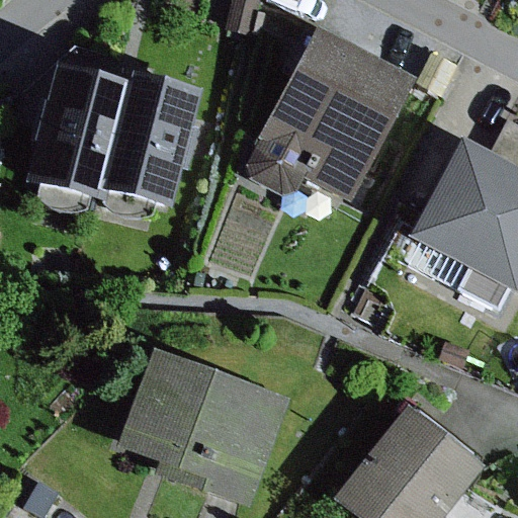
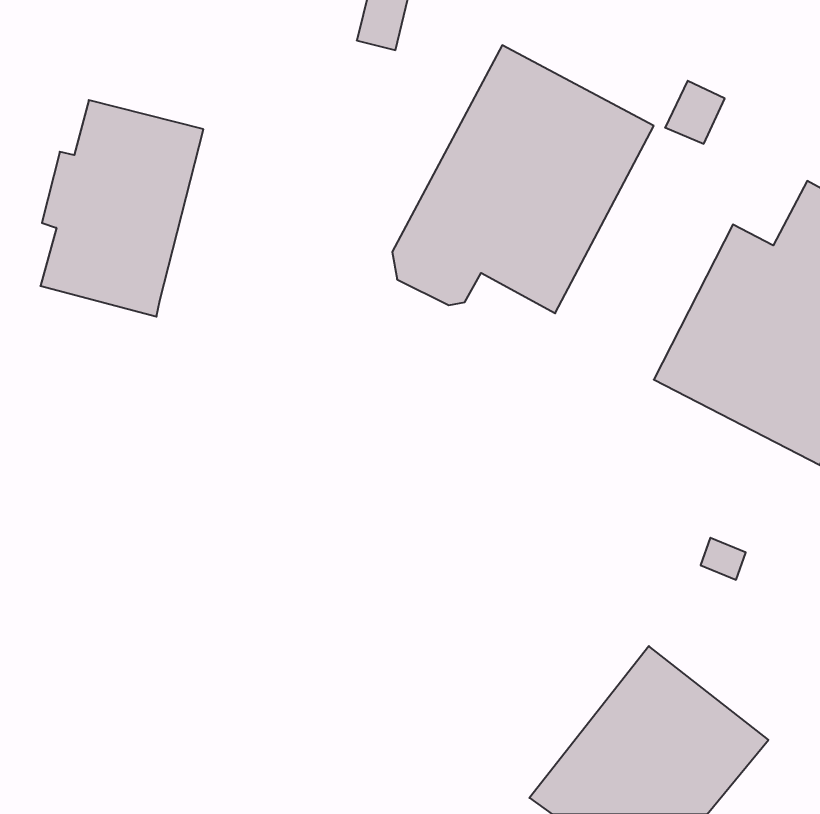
building: [103,71,199,205] -> none
building: [118,347,291,506] -> none

